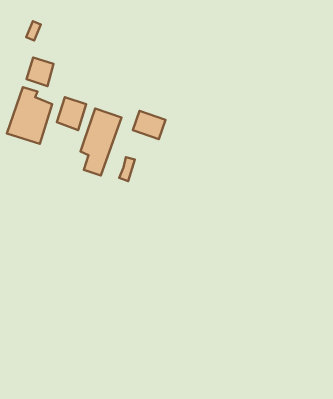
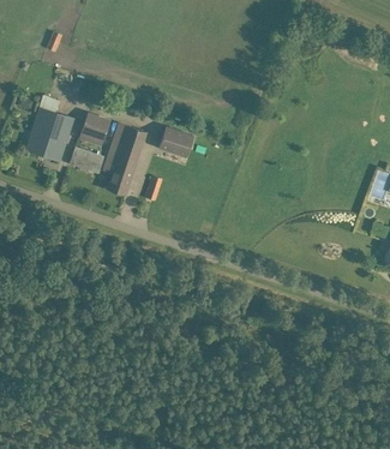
building: [26,57,54,86] -> none
building: none -> [71,146,104,174]

